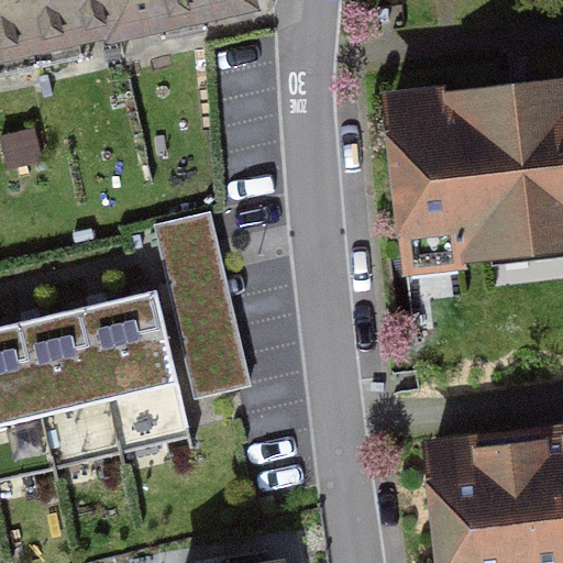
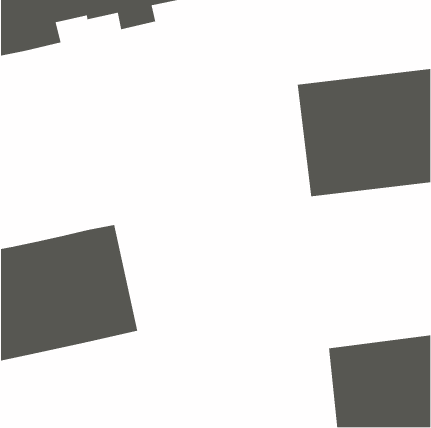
building: [151,207,246,397] -> none

